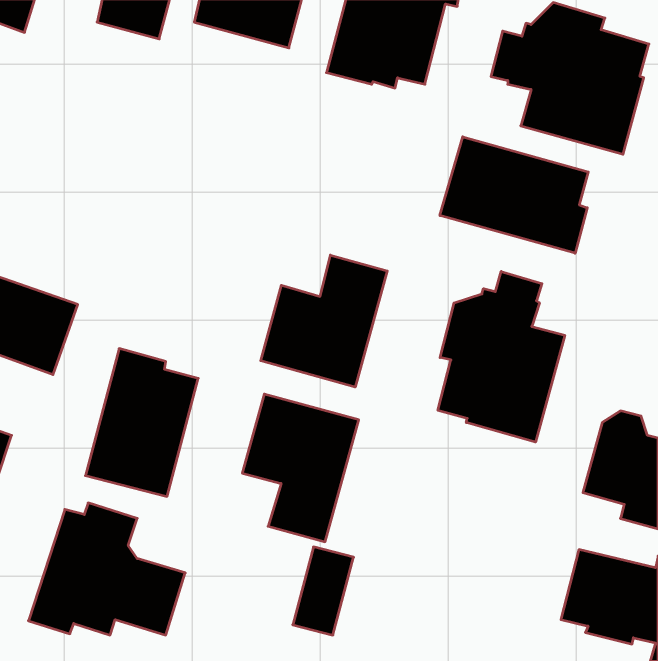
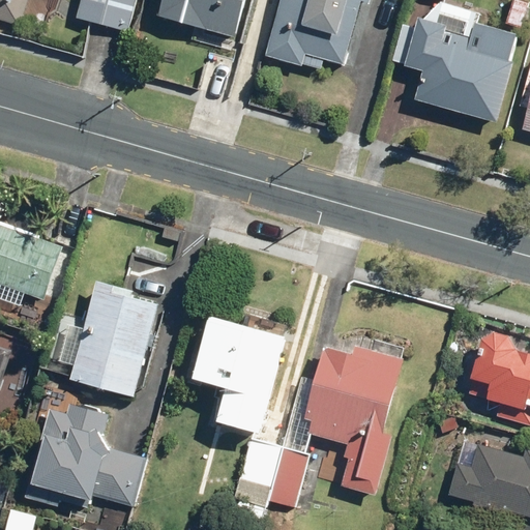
building: [440,137,588,253] -> none
building: [261,255,387,387] -> none
building: [438,271,565,442] -> none
building: none -> [270,345,404,506]

